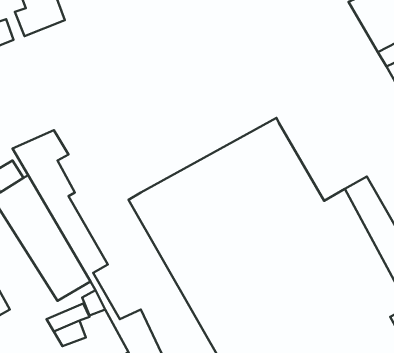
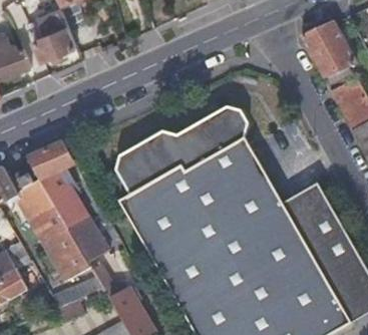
building: none -> [116,107,250,193]

